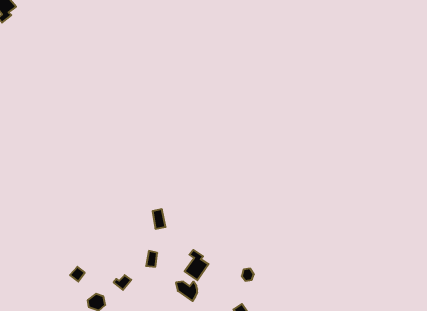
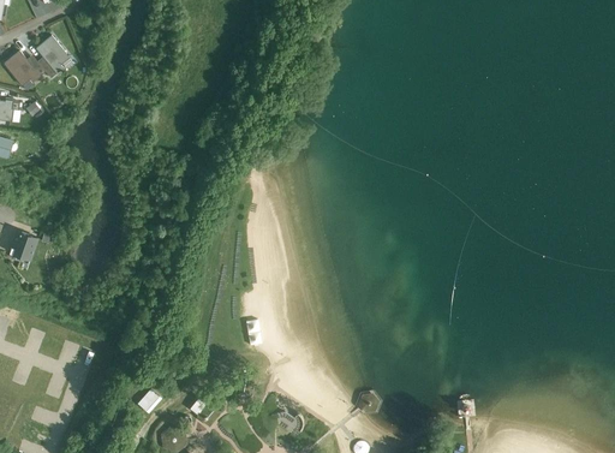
building: [185,250,209,280] -> none

